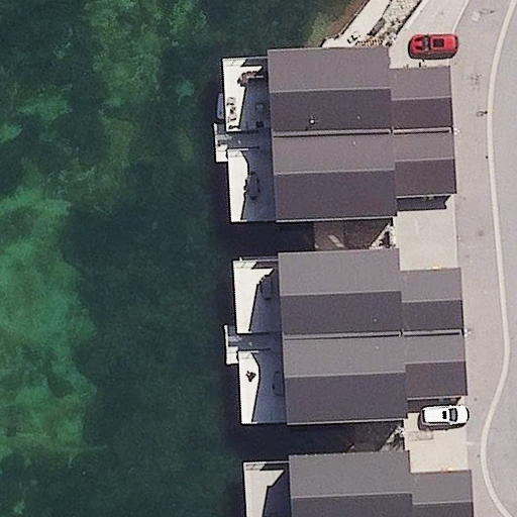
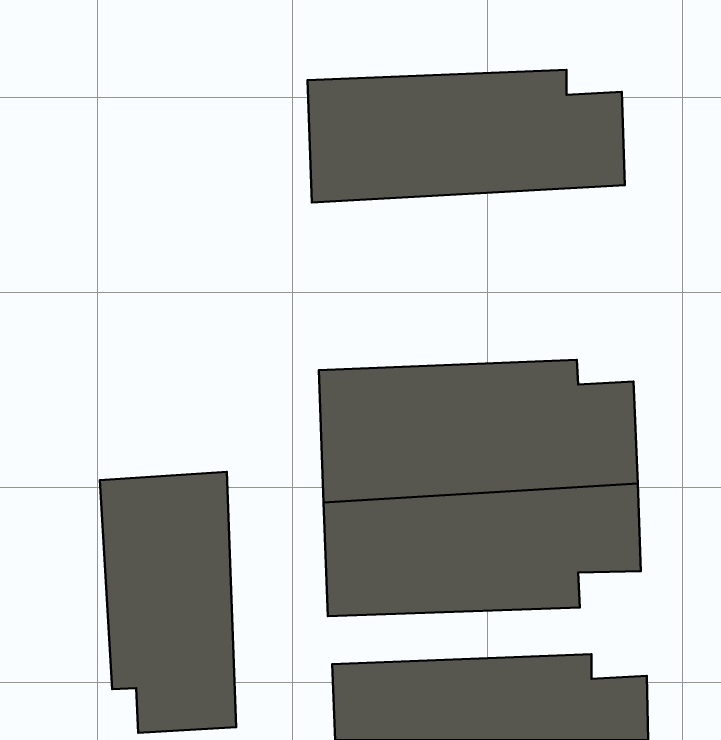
building: [232,128,452,226] -> none
building: none -> [100,472,236,733]

